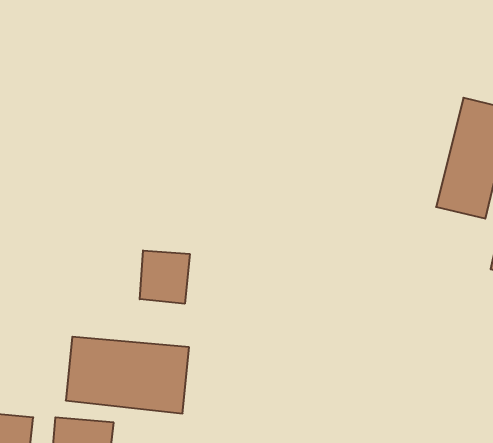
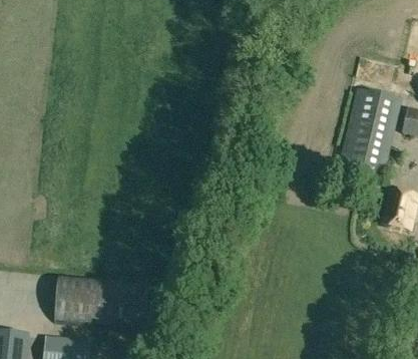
building: [140,250,190,304] -> none

